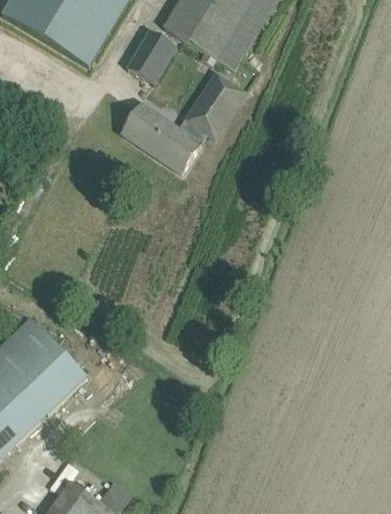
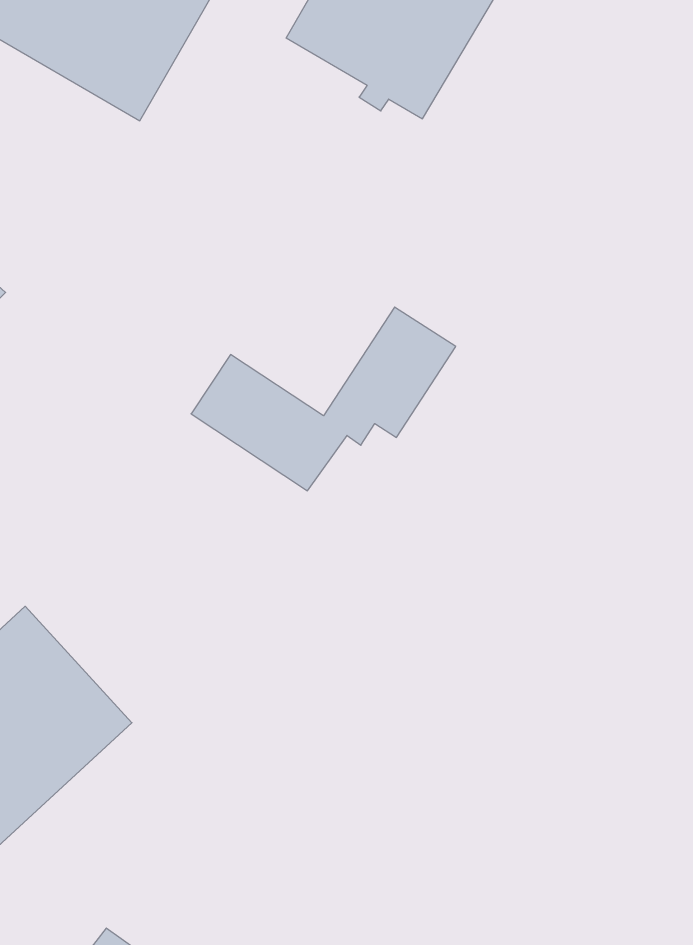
building: [128,28,178,83] -> none
building: [122,77,256,171] -> [191,307,456,491]

